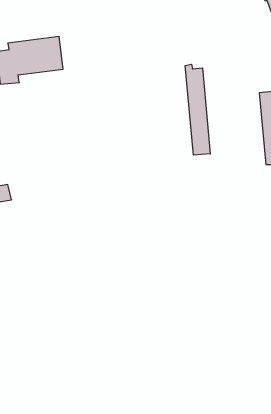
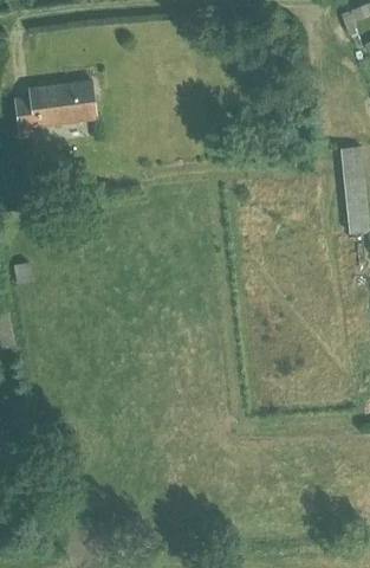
building: [185,64,210,155] -> none

